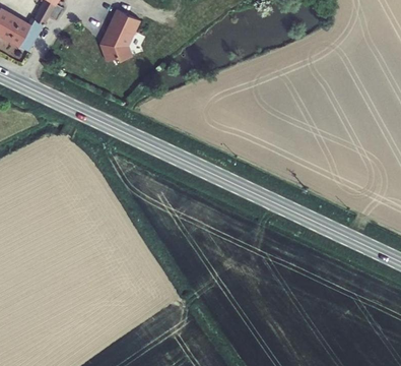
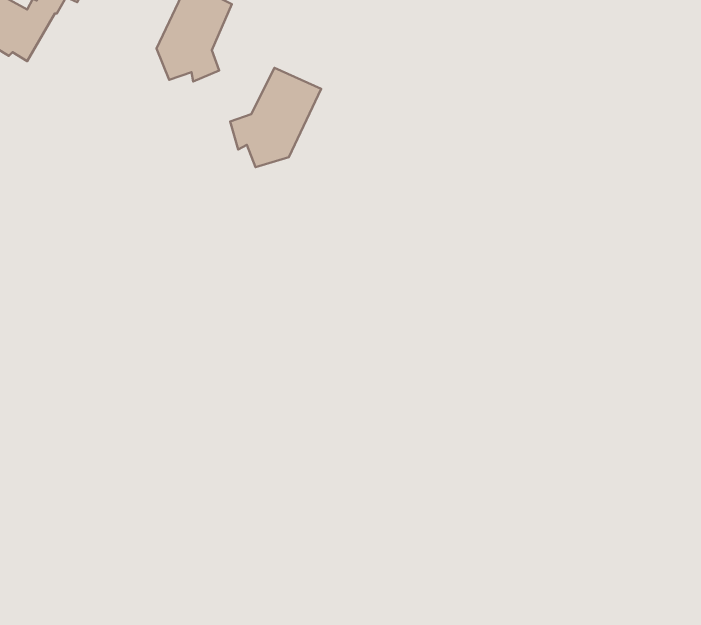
building: none -> [230,68,321,167]

